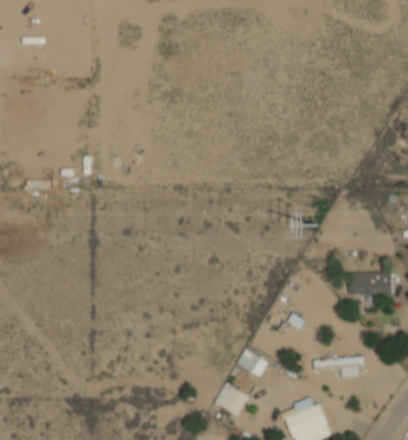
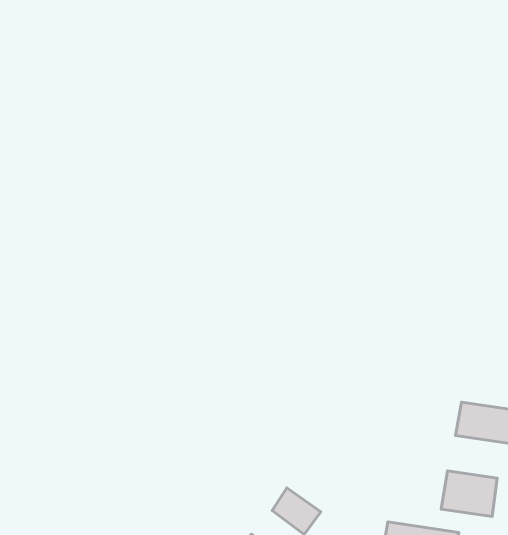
building: none -> [441,471,497,517]

